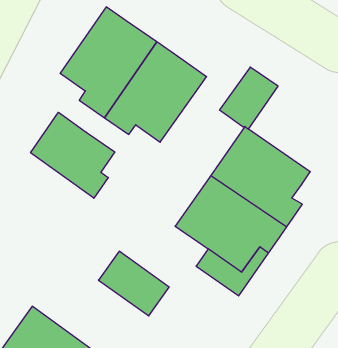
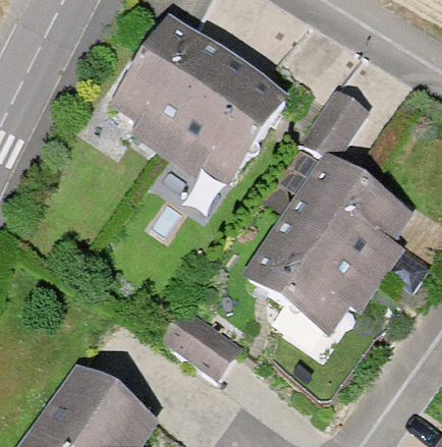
building: [31,112,115,198] -> none

